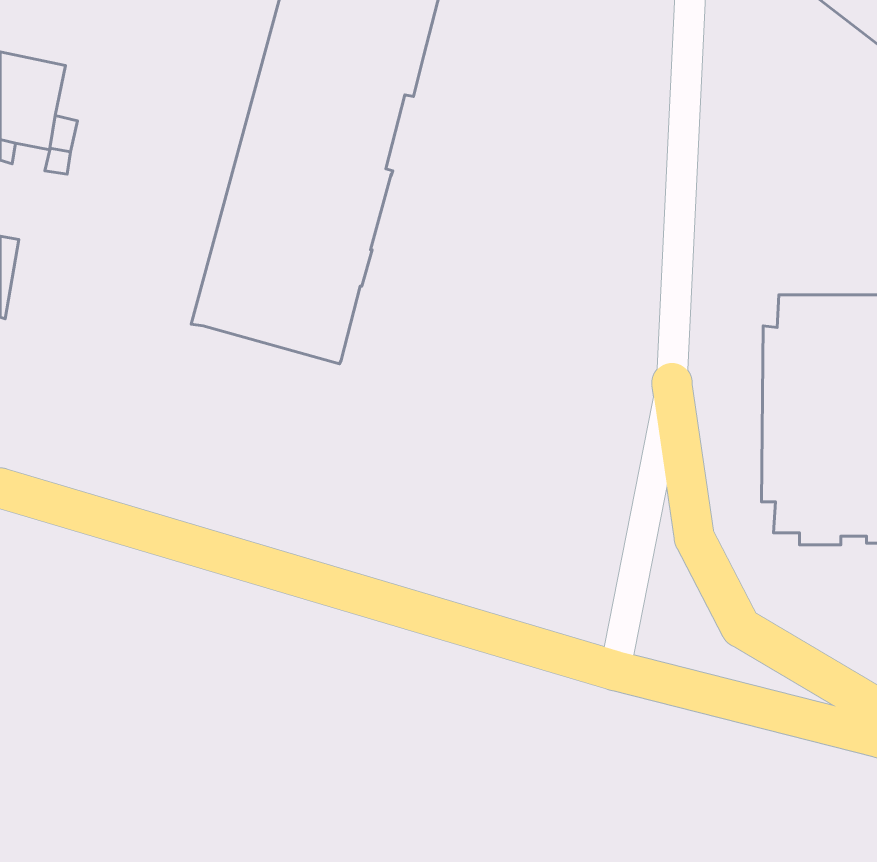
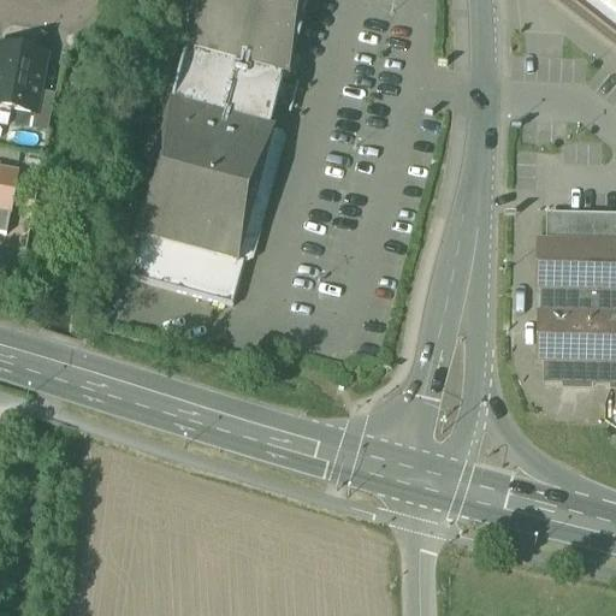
building: none -> [132,227,247,297]

